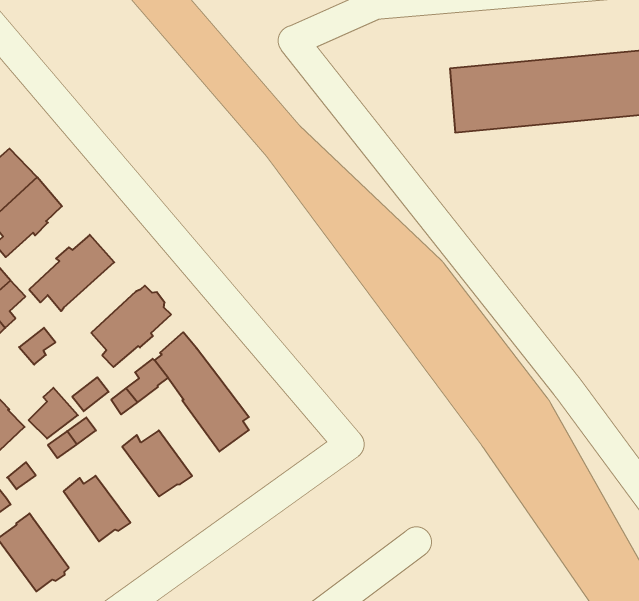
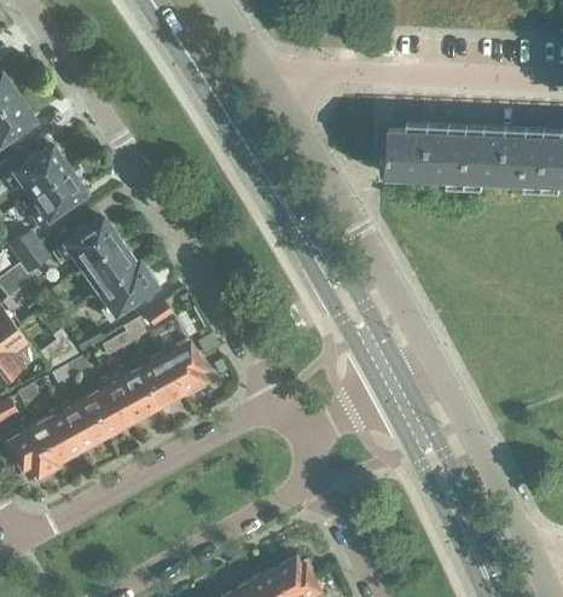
building: none -> [77,240,137,294]
building: none -> [128,344,180,408]
building: none -> [85,379,130,437]
building: none -> [34,407,81,465]

